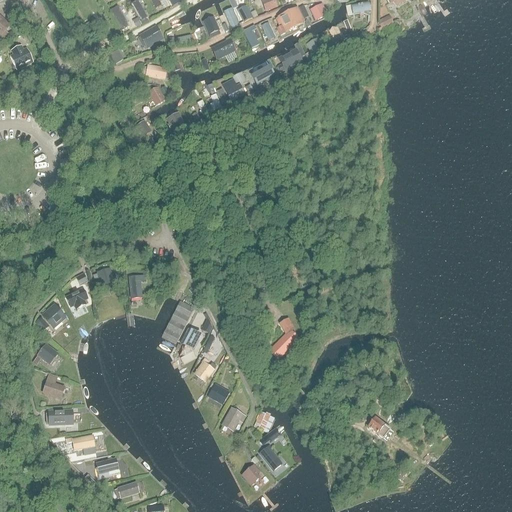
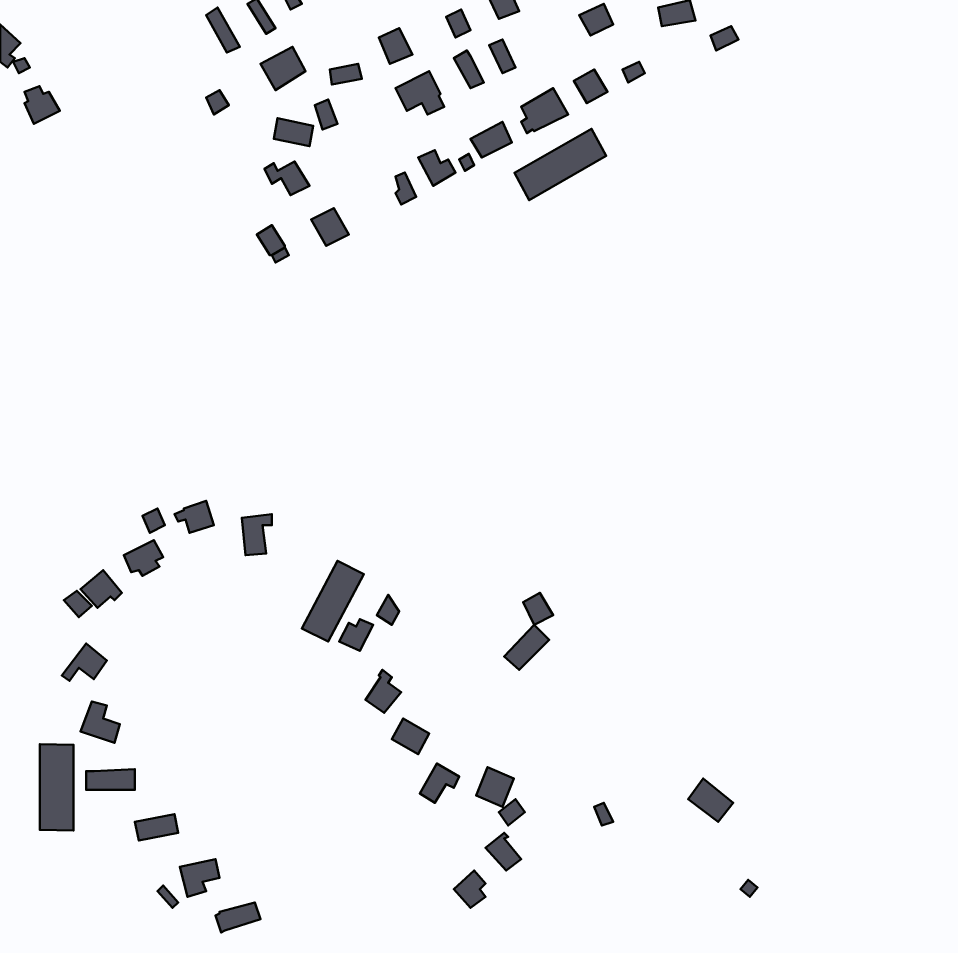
building: [274,6,304,31] -> none
building: none -> [514,129,606,200]
building: none -> [40,744,73,831]

